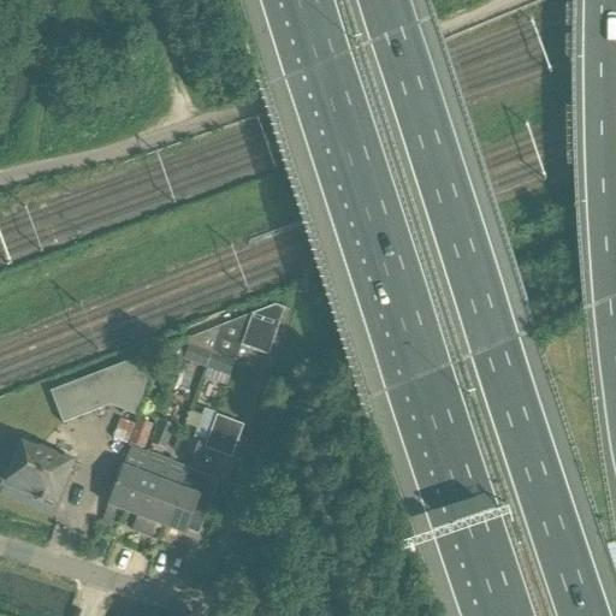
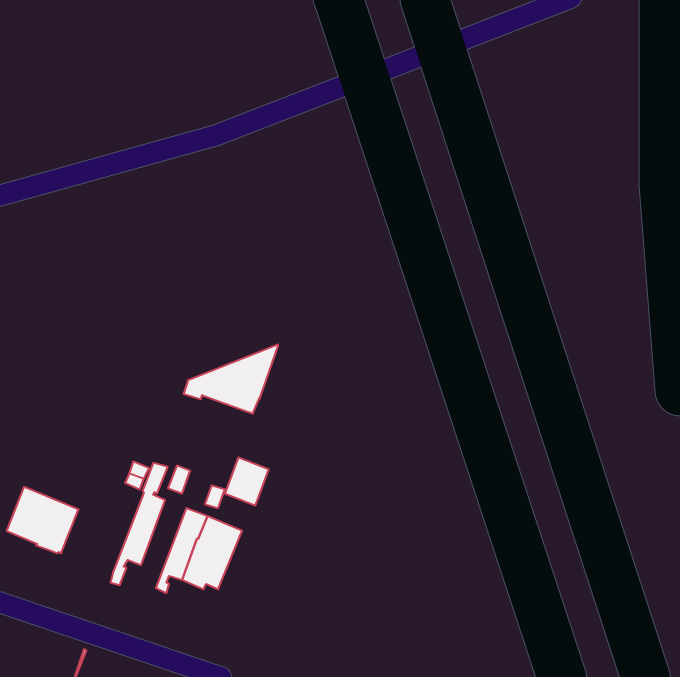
building: [241,303,284,354] -> none
building: [49,354,156,422] -> none
building: [128,452,168,532] -> none

